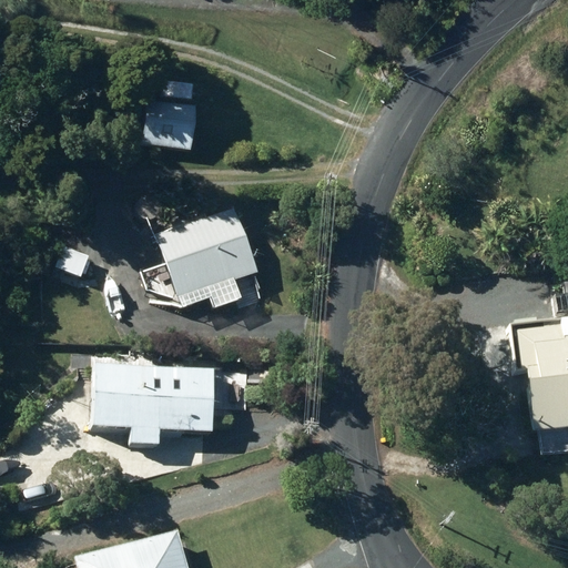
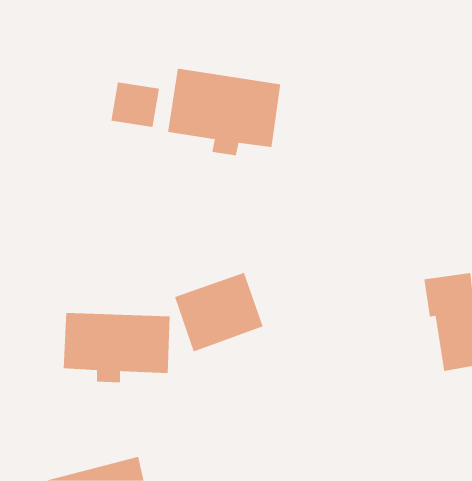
building: none -> [167,68,281,156]
building: [154,210,258,303] -> [174,272,264,352]

